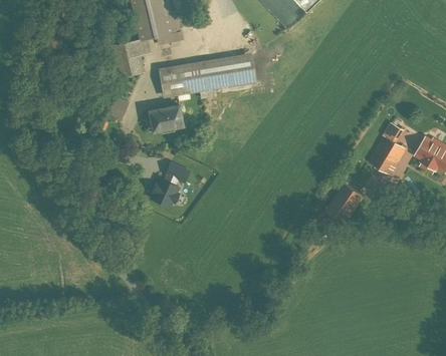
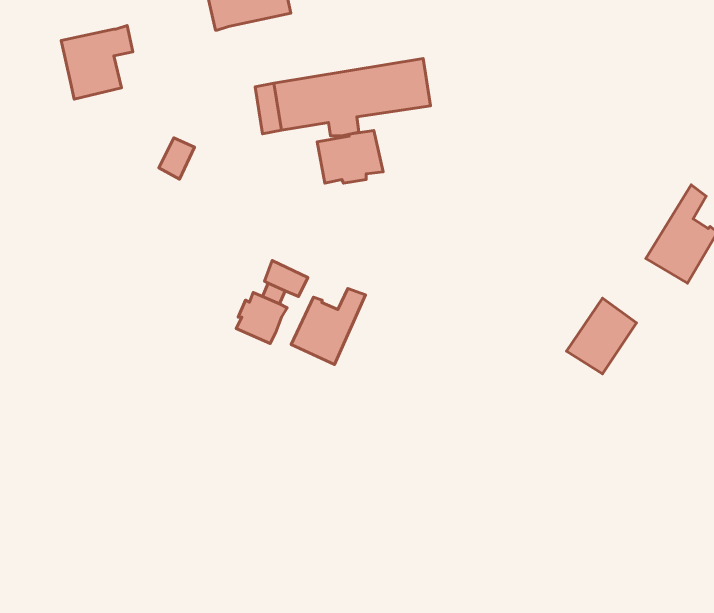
building: [110,38,149,77] -> [61,26,133,99]
building: [148,104,183,132] -> [317,130,383,183]
building: none -> [291,289,365,364]

